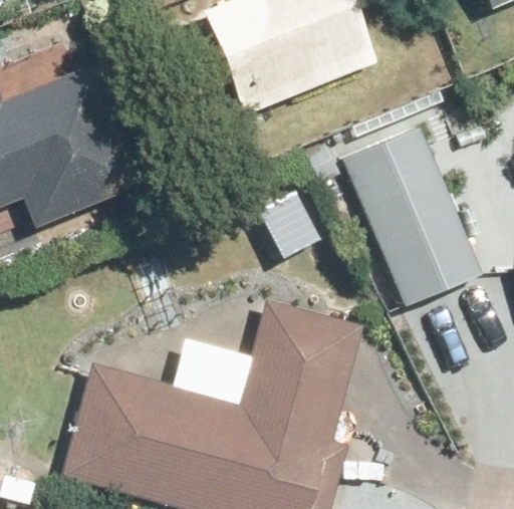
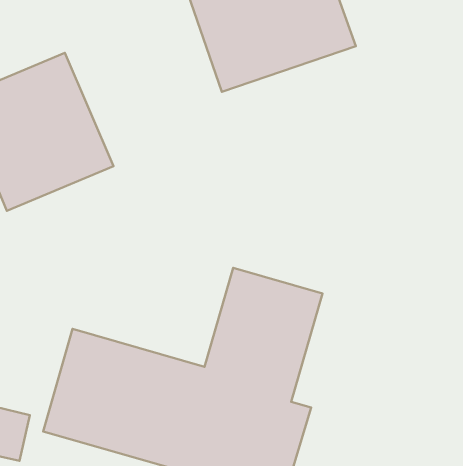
building: [341,122,482,299] -> none

